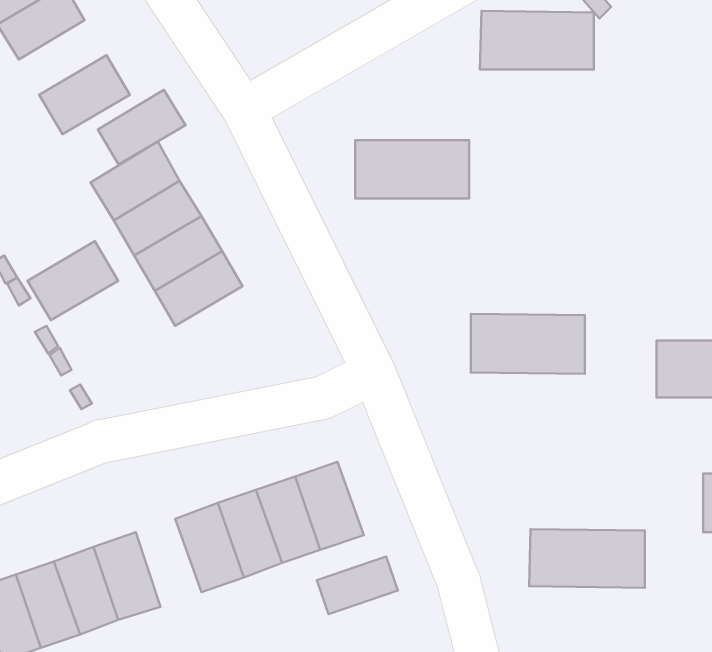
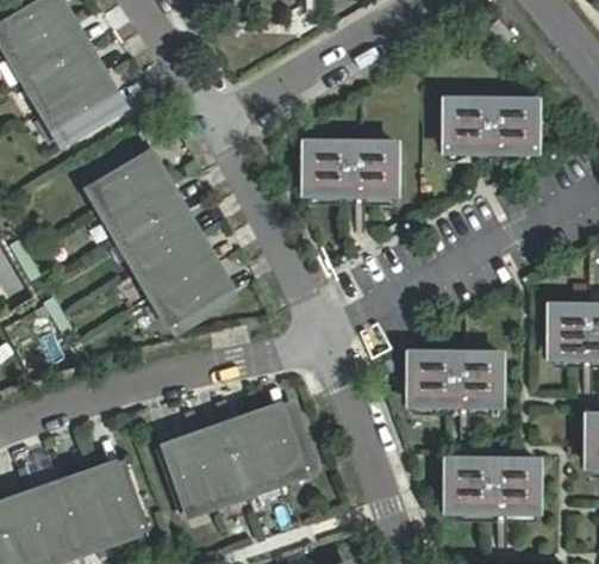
building: [480,11,594,69] -> [445,103,538,150]
building: [98,90,186,165] -> [31,48,102,109]
building: [27,241,118,320] -> [158,265,232,329]
building: [471,314,585,374] -> [410,355,503,404]
building: [317,557,398,614] -> none

